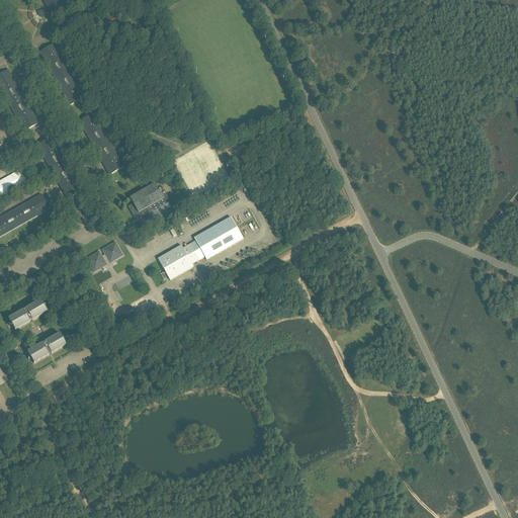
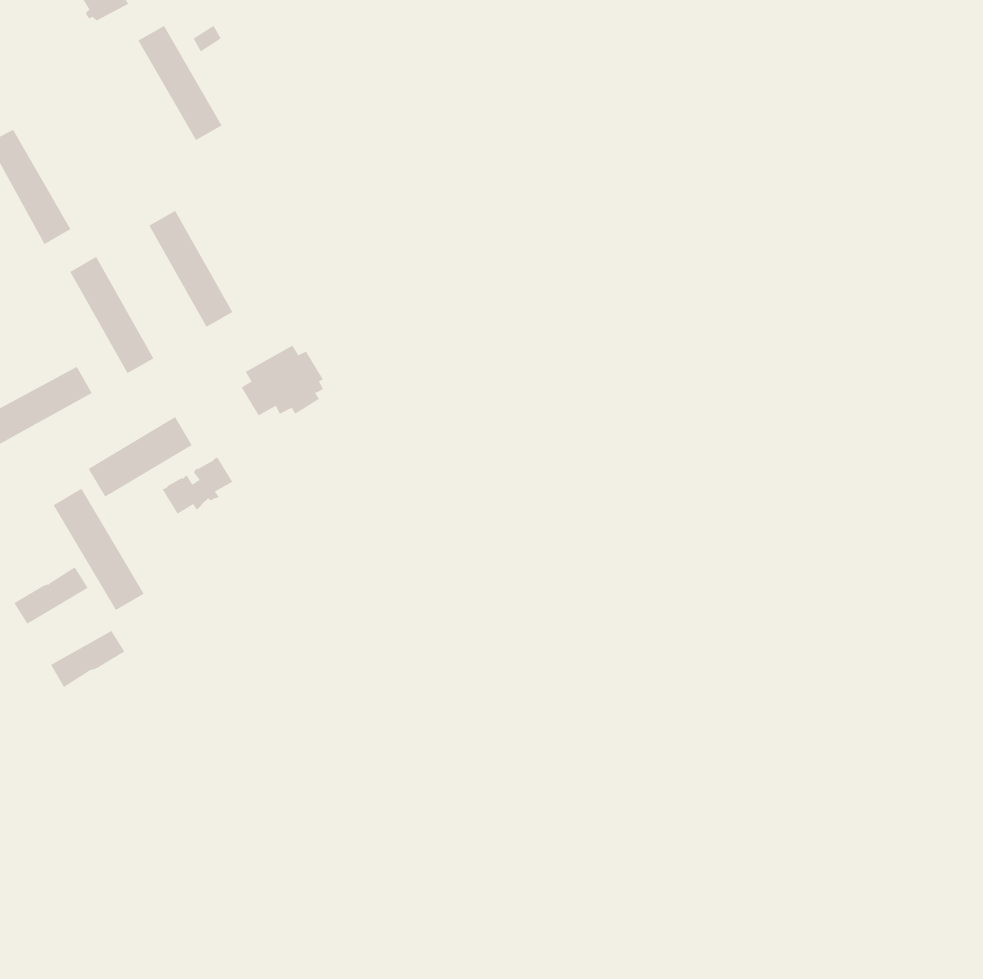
building: [38,41,83,102] -> [138,25,222,141]
building: [157,214,242,278] -> none
building: none -> [88,416,192,498]
building: none -> [53,488,145,611]

